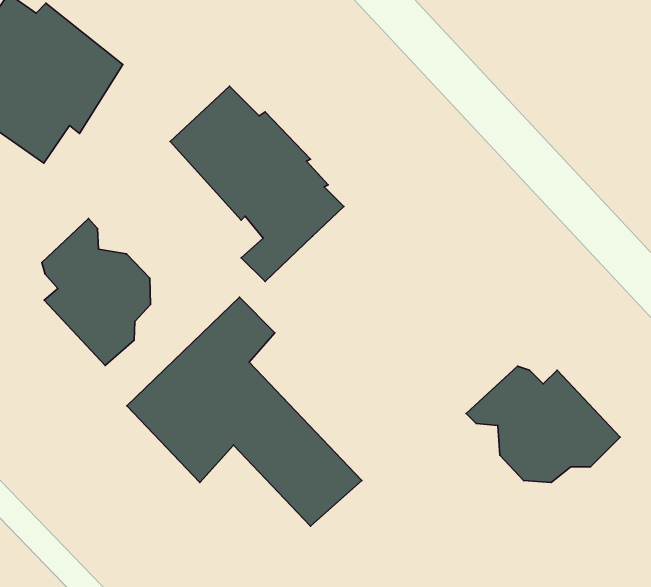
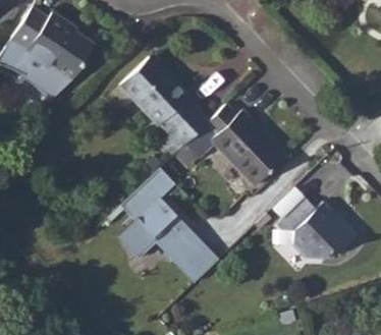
building: none -> [195,105,286,185]
building: [42,218,150,365] -> none

